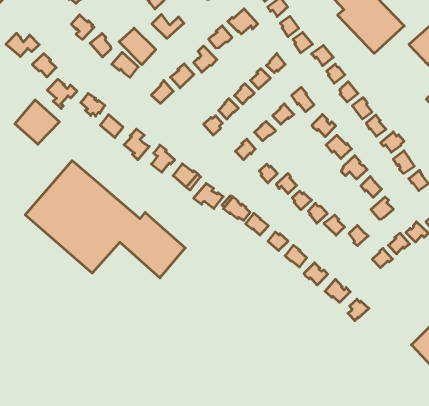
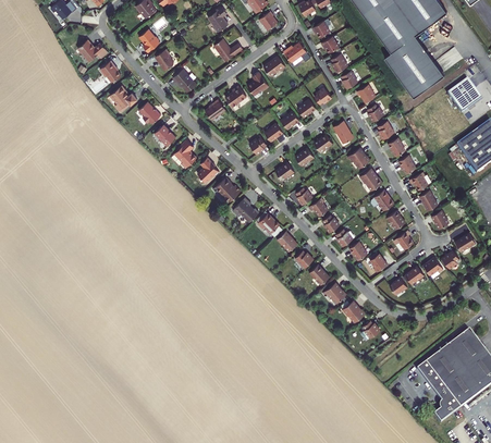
building: [119,28,156,65] -> none
building: [15,100,59,144] -> none
building: [25,161,185,278] -> none

